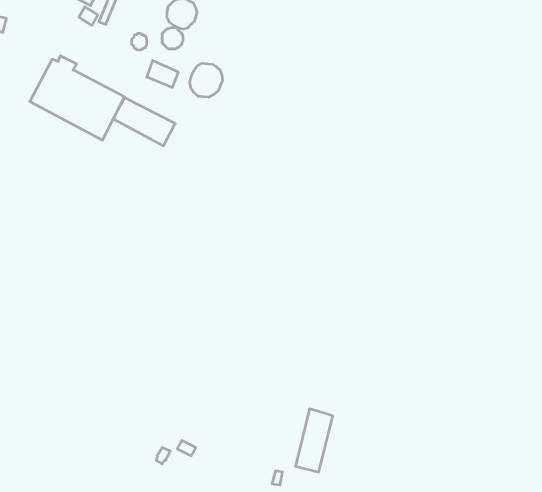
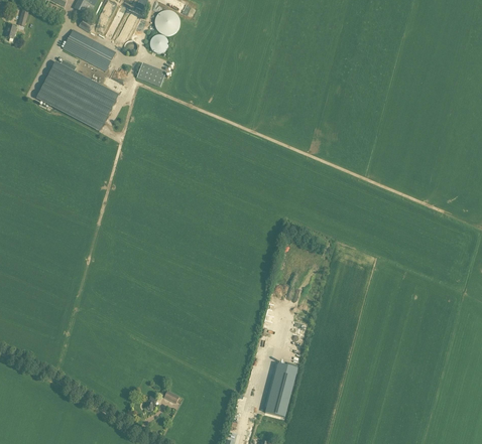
building: [190,63,223,97] -> none
building: [113,98,175,146] -> [62,29,115,70]

